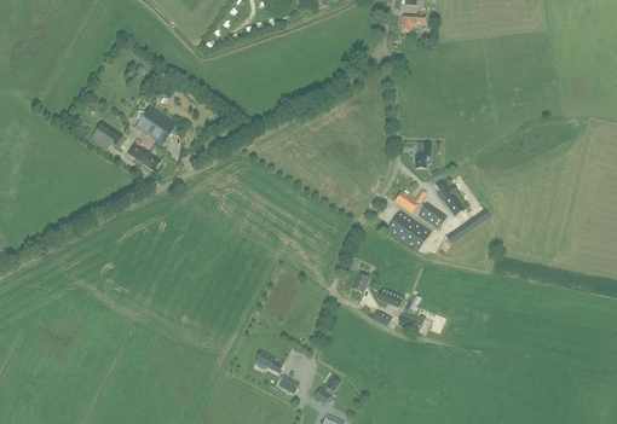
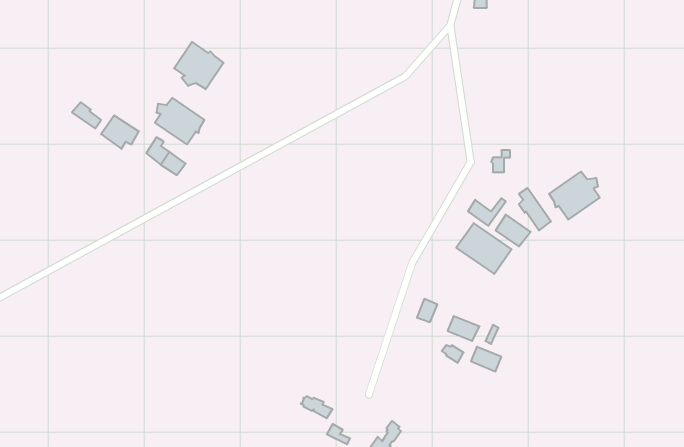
building: none -> [174,42,224,89]
building: none -> [549,172,600,220]

